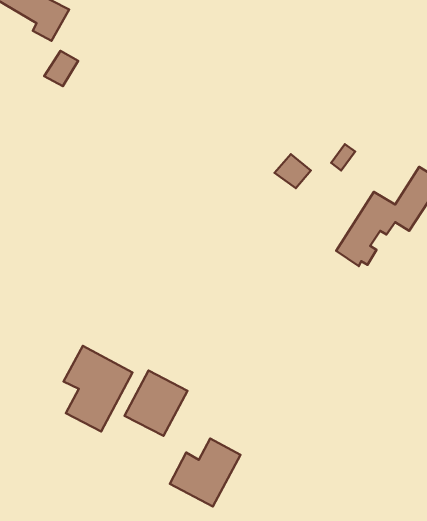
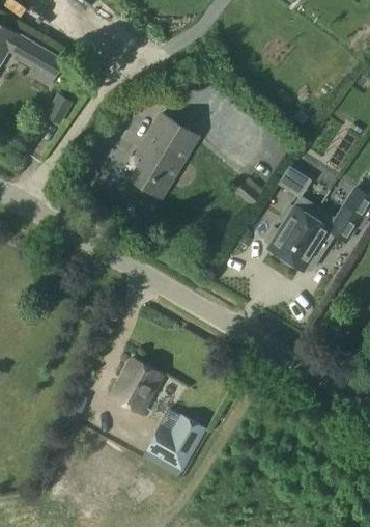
building: none -> [124,113,198,197]
building: none -> [263,197,316,258]
building: [63,346,133,432] -> none

